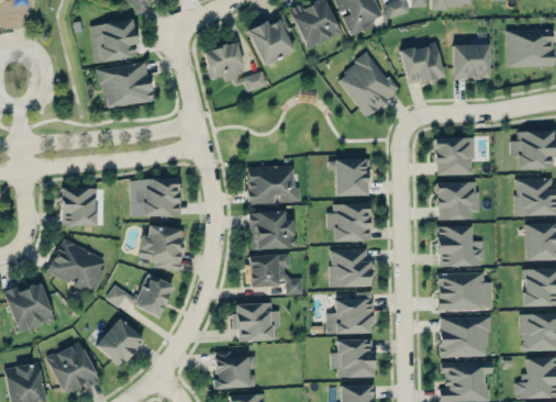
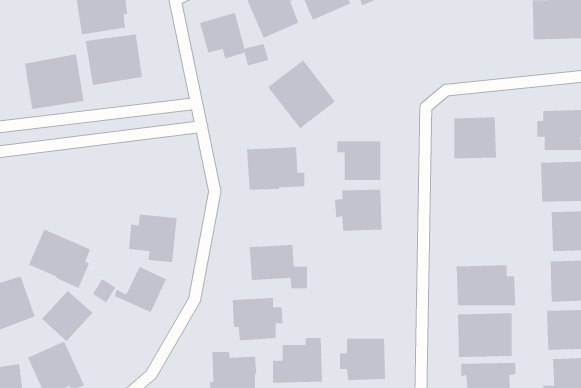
building: [401,44,444,85] -> none
building: [453,44,490,79] -> none
building: [336,53,399,116] -> [267,59,336,129]
building: none -> [24,54,84,110]
building: [136,178,179,216] -> none
building: [436,181,478,220] -> none
building: [60,188,97,226] -> none
building: [248,211,296,250] -> none
building: [437,225,483,267] -> none
building: [330,249,370,287] -> none
building: [326,292,372,334] -> [272,337,323,383]
building: [96,319,143,366] -> [41,290,93,342]

